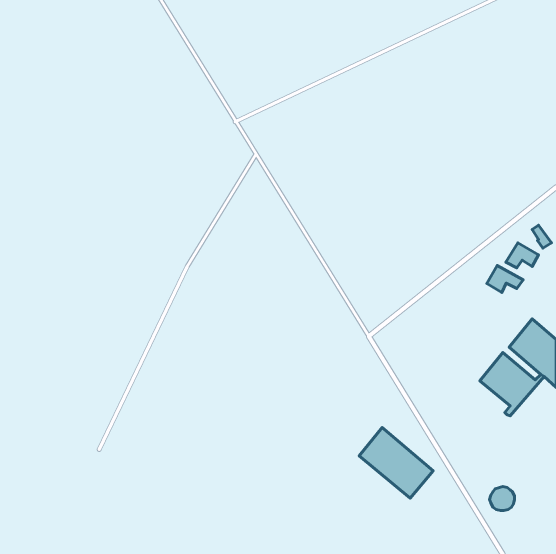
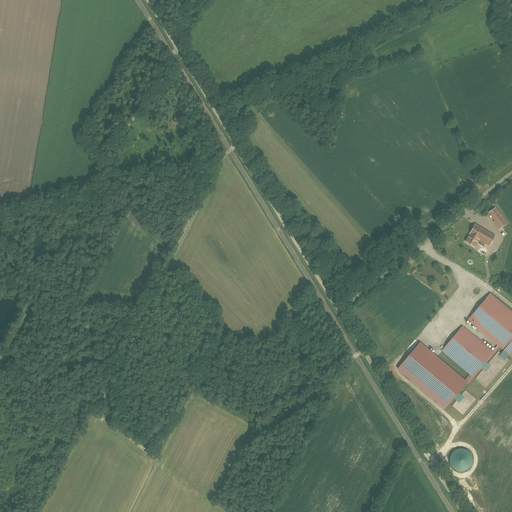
building: [487,265,523,293] -> none
building: [359,427,433,498] -> [398,341,466,406]

